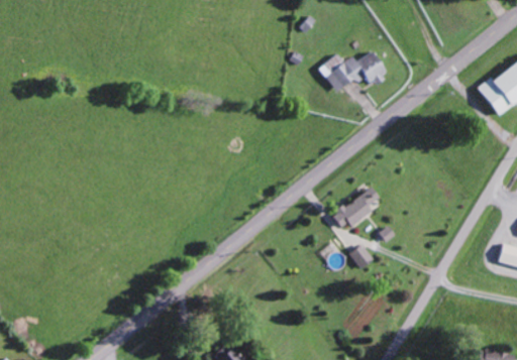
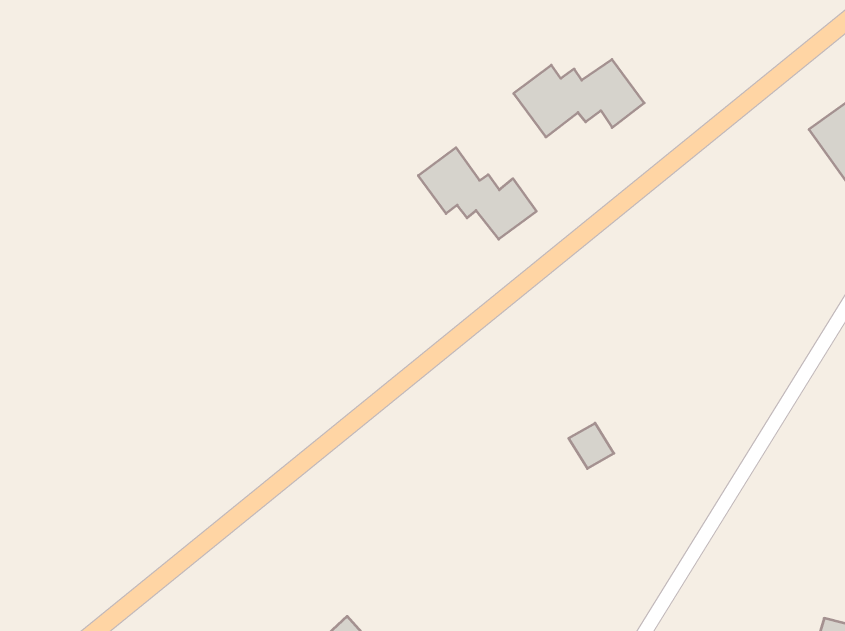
building: none -> [418,148,536,239]
building: [331,189,379,231] -> none

